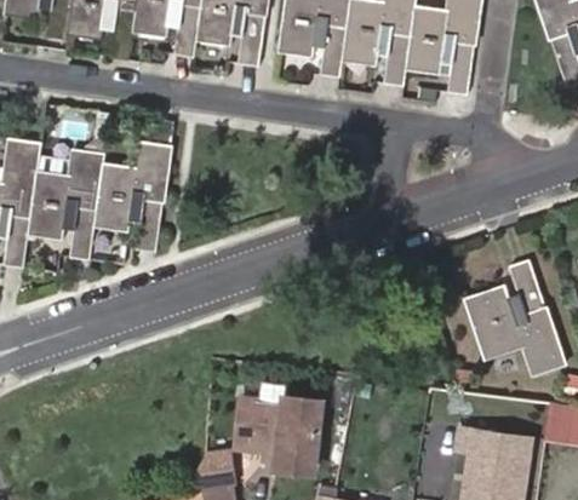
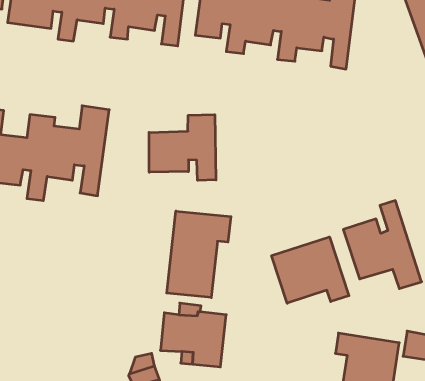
building: none -> [149,115,216,180]
building: none -> [167,211,231,298]
building: none -> [272,237,349,303]

